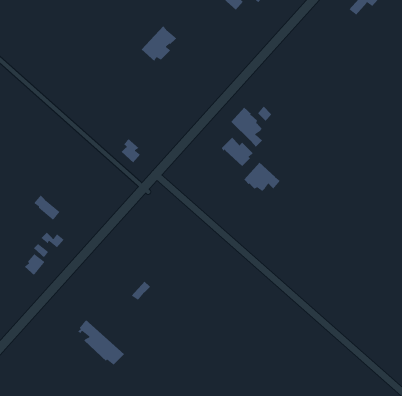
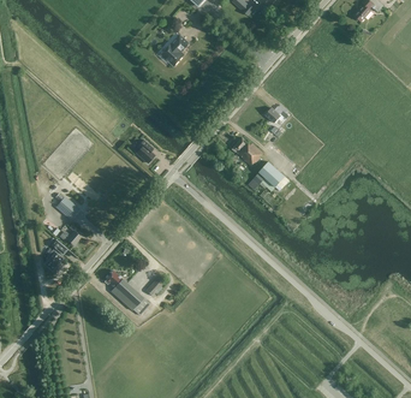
building: [230,107,263,147] -> none
building: [77,319,125,366] -> [103,269,149,314]

